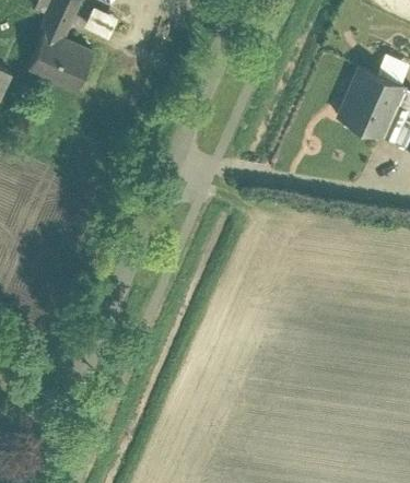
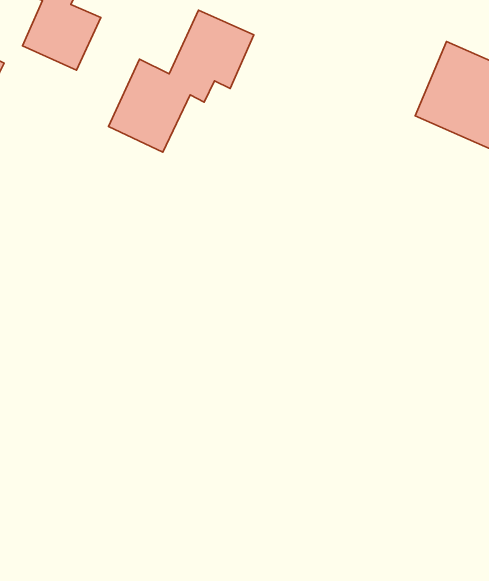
building: none -> [109,10,254,152]

